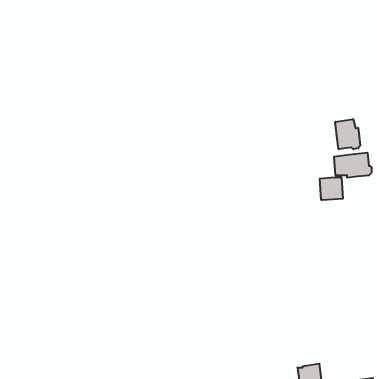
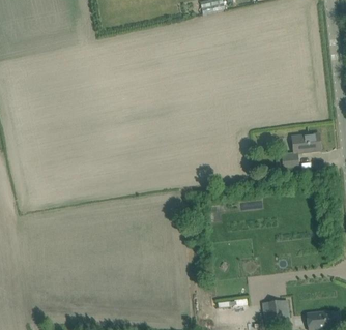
building: [335,119,360,149] -> none

